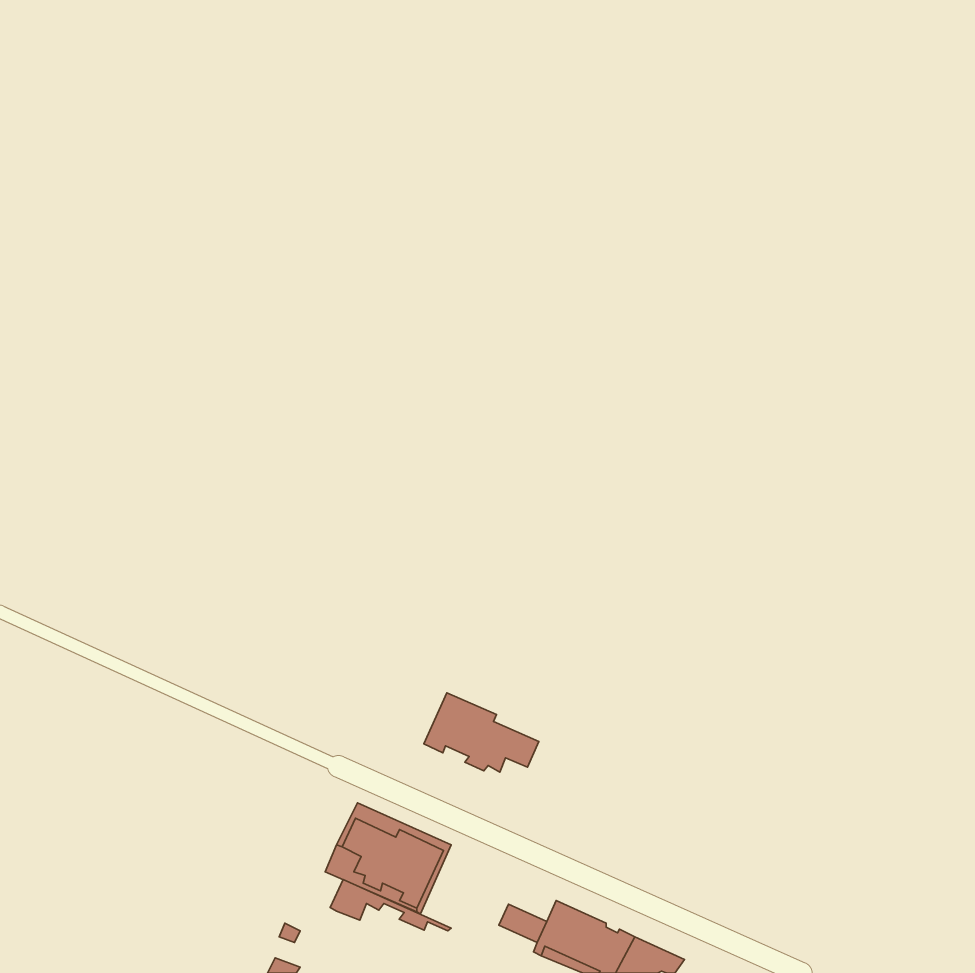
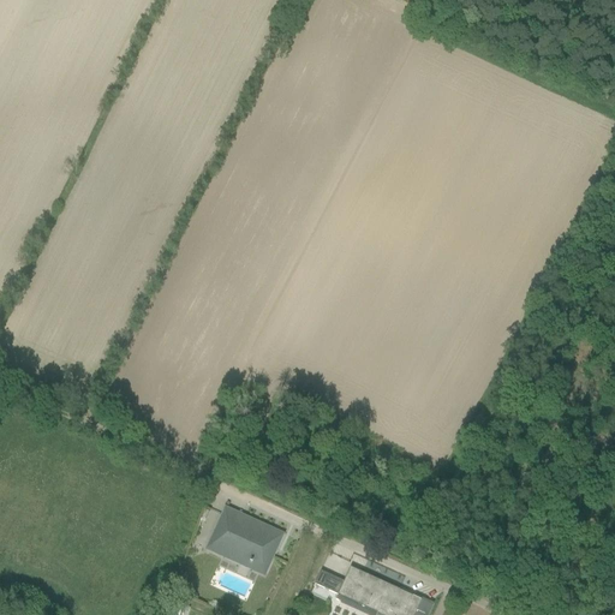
building: [424,693,539,772] -> none
building: [330,880,451,931] -> none

